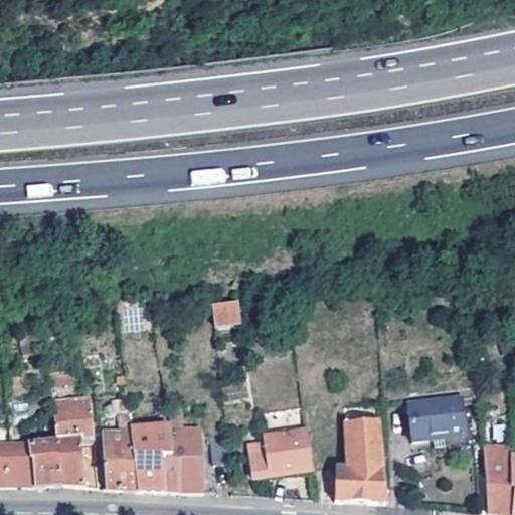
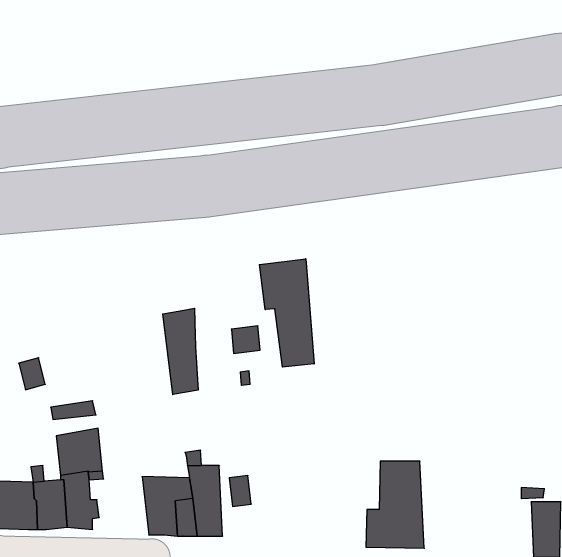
building: none -> [259,259,314,367]
building: none -> [163,308,198,395]
building: [102,384,136,489] -> none
building: [414,401,467,439] -> none
building: [249,428,311,476] -> none

